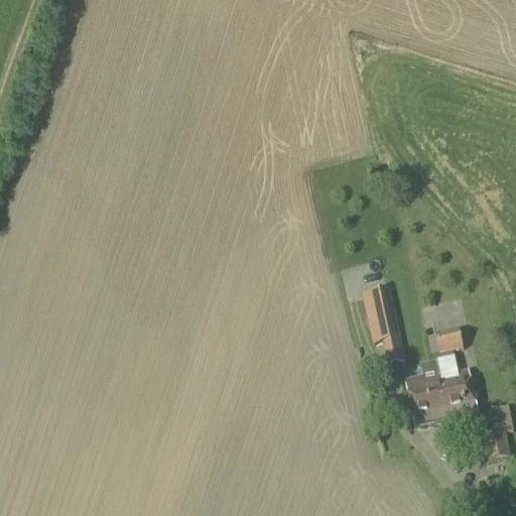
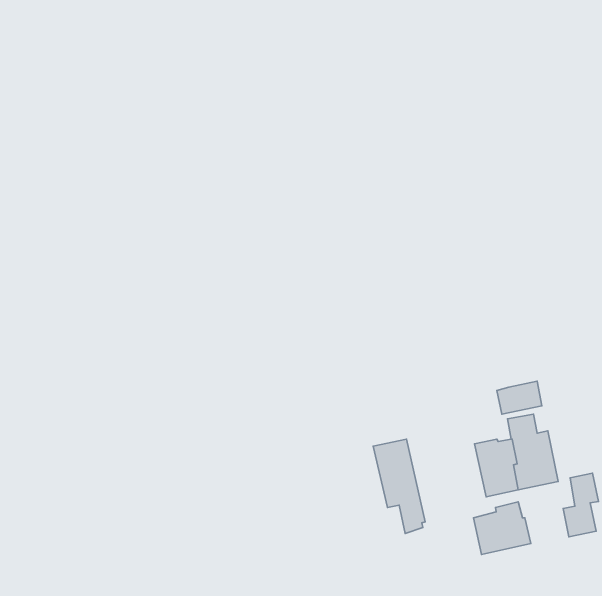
building: [360,284,404,365] -> [373,439,425,534]
building: none -> [473,502,531,555]

